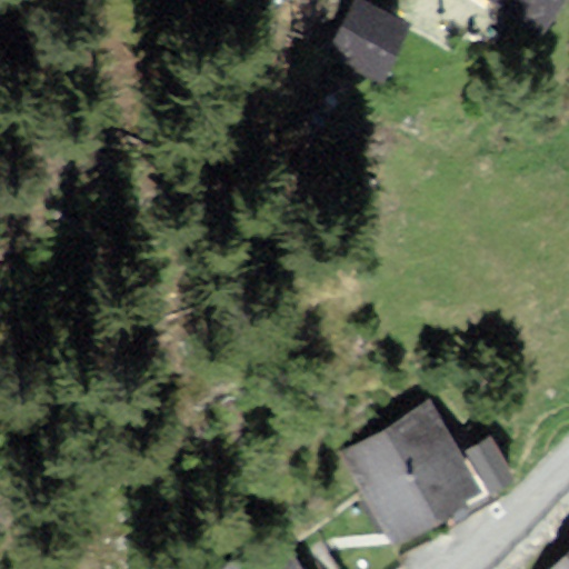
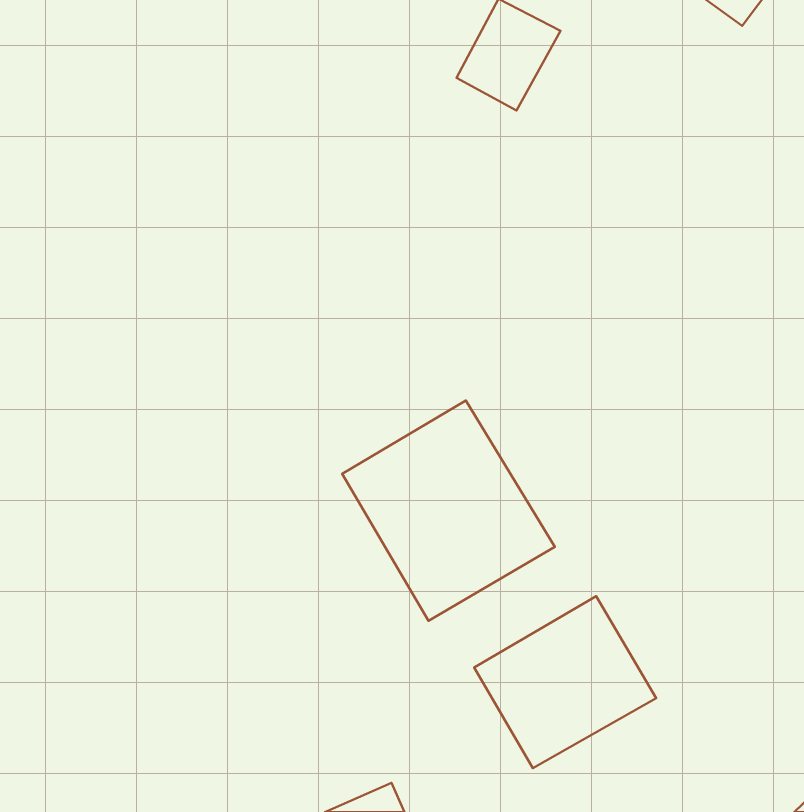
building: none -> [342,401,555,621]

